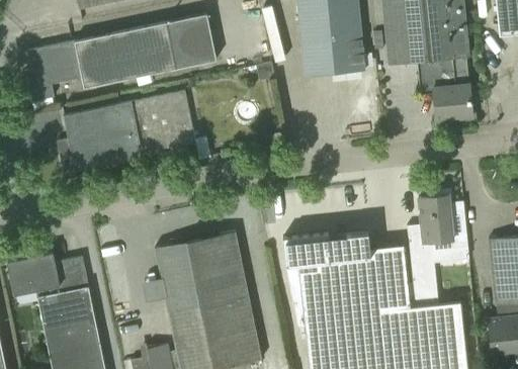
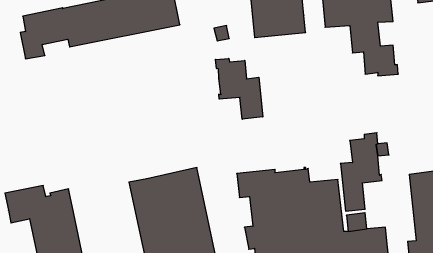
building: [57,91,196,174] -> none
building: none -> [215,58,263,119]

